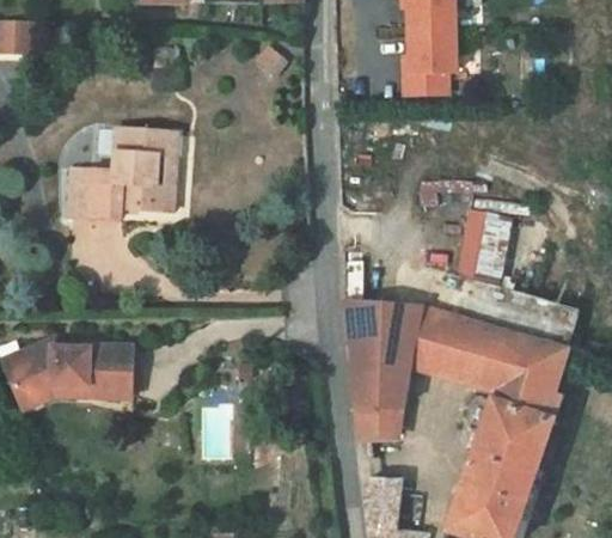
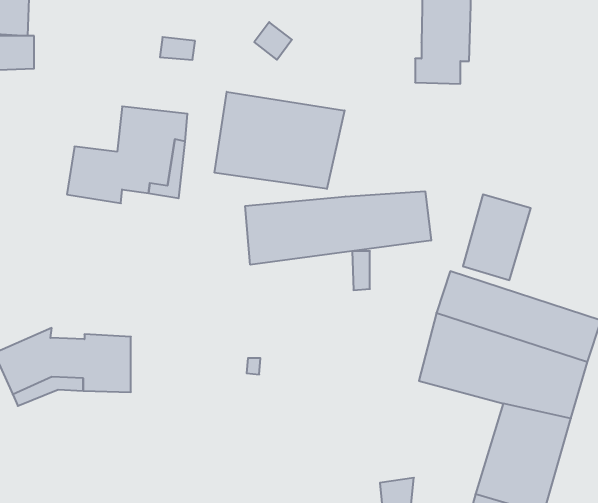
building: none -> [215,92,345,189]
building: none -> [245,191,431,265]
building: [350,316,421,453] -> none

